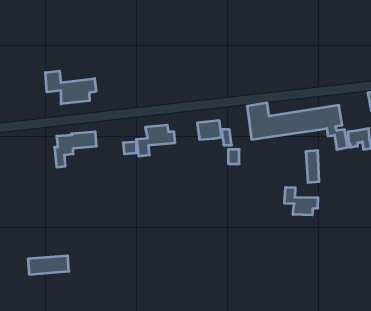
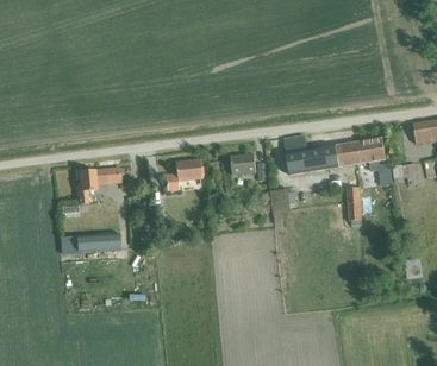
building: [45,71,96,104] -> none
building: [285,187,318,215] -> none
building: [28,256,69,274] -> [75,232,119,252]

